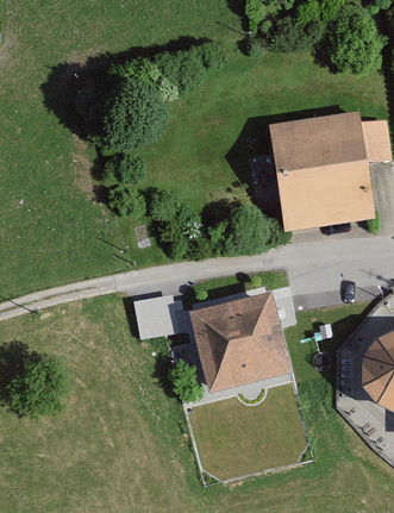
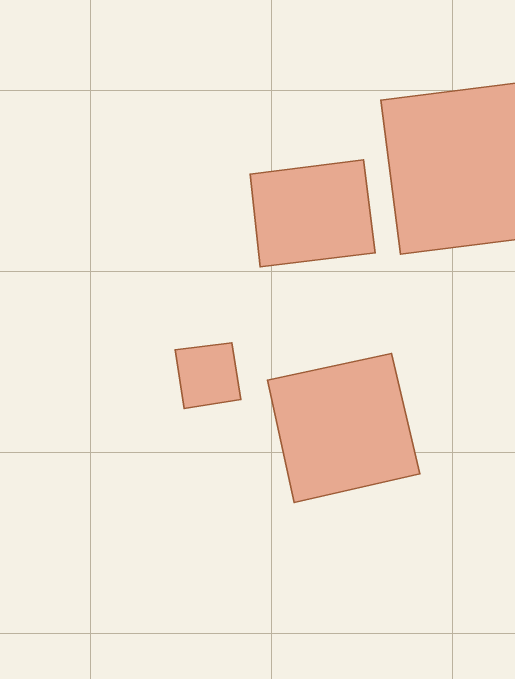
building: none -> [250,160,375,267]

